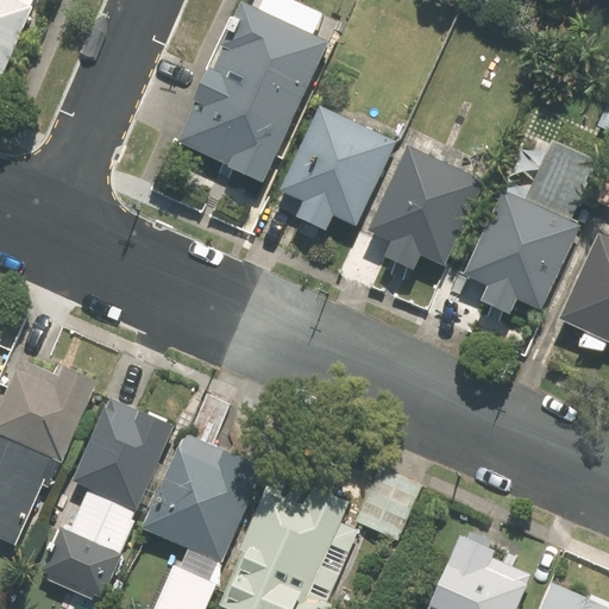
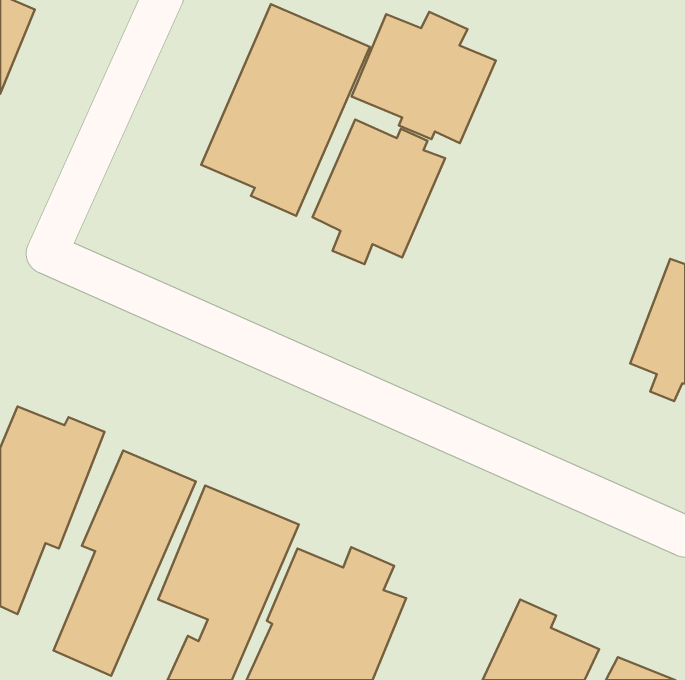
building: none -> [351,12,496,143]
building: [366,126,486,278] -> none
building: [466,132,599,316] -> none

